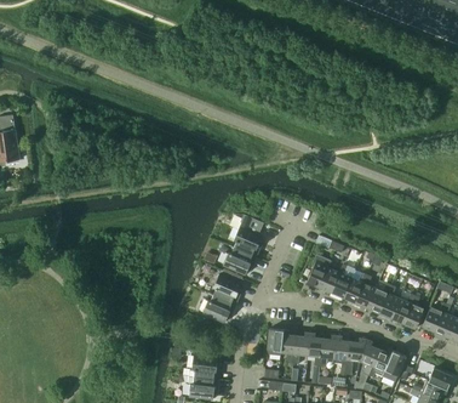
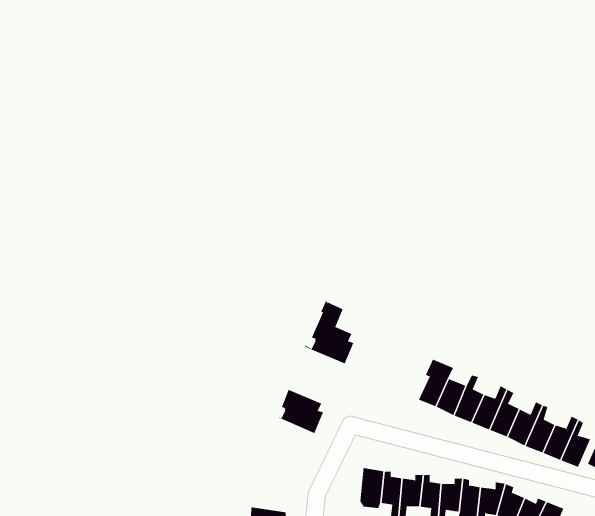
building: [223,249,257,276] -> none
building: [202,294,236,324] -> none

